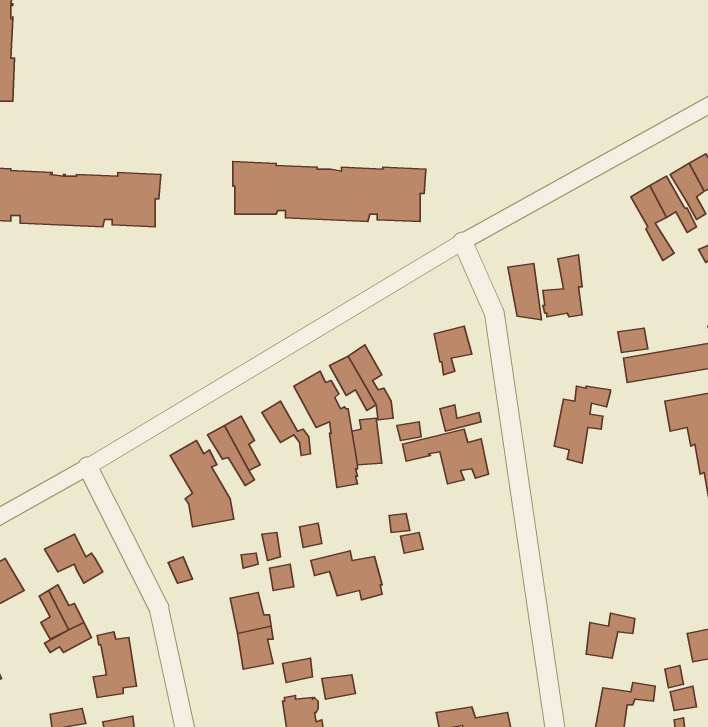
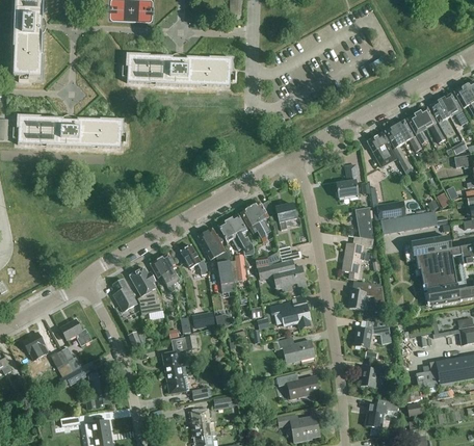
building: [233,162,426,222] -> [126,53,233,86]
building: none -> [367,132,391,165]
building: [508,264,541,320] -> [354,207,373,238]
building: none -> [240,202,269,241]
building: none -> [112,279,138,311]
building: none -> [348,282,385,309]
building: none -> [353,320,391,347]
building: [311,551,382,600] -> [270,300,310,327]
building: none -> [279,337,315,363]
building: none -> [276,372,319,398]

